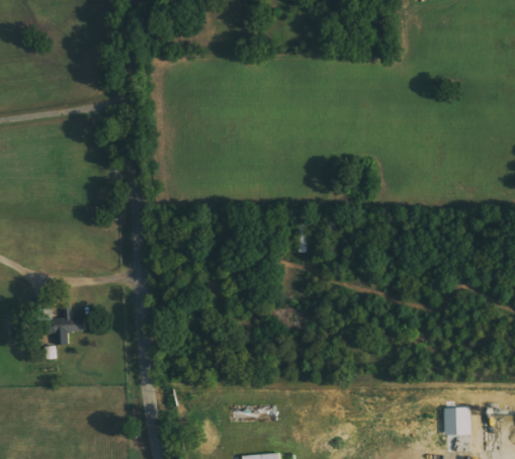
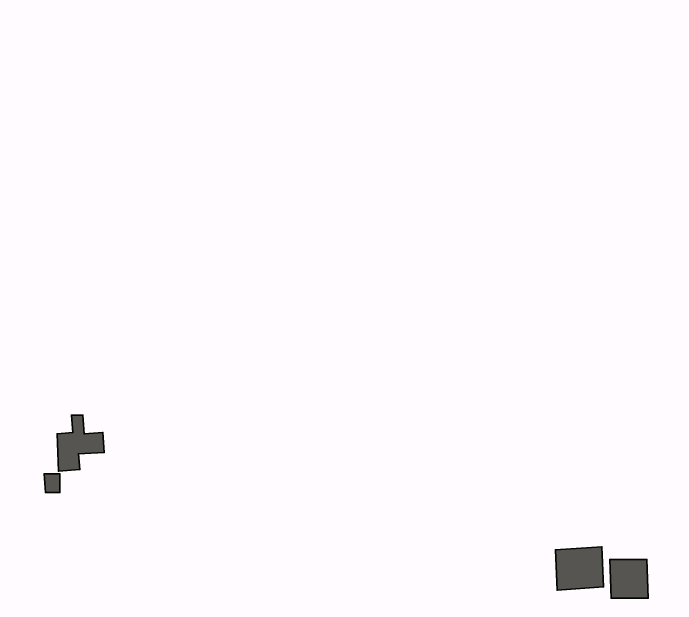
building: none -> [556,547,603,590]

